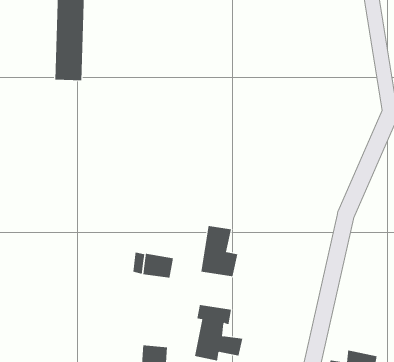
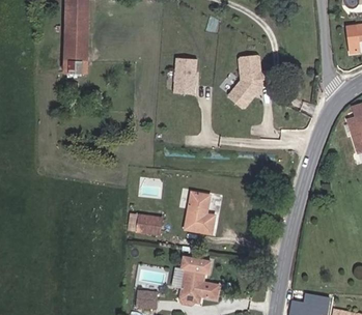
building: none -> [229,54,270,106]
building: none -> [174,57,197,93]

